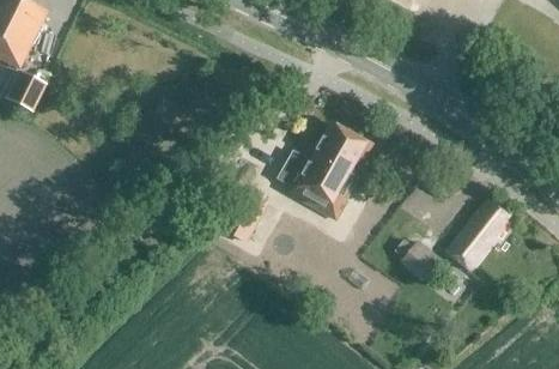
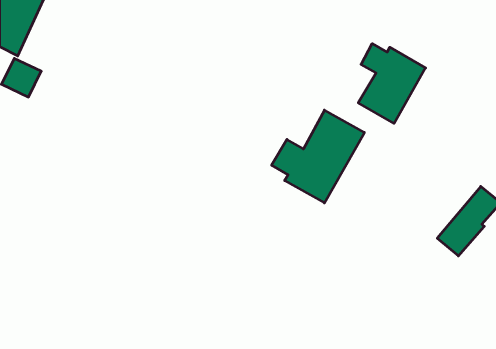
building: none -> [358,44,426,123]
building: [400,237,439,279] -> none

